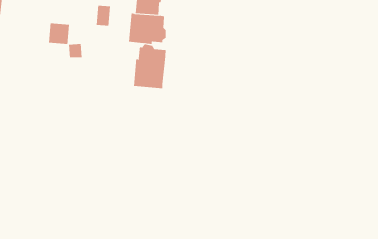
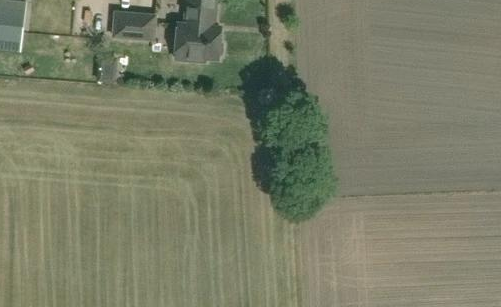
building: [48,23,70,44] -> [113,12,139,38]
building: [134,44,166,89] -> none

